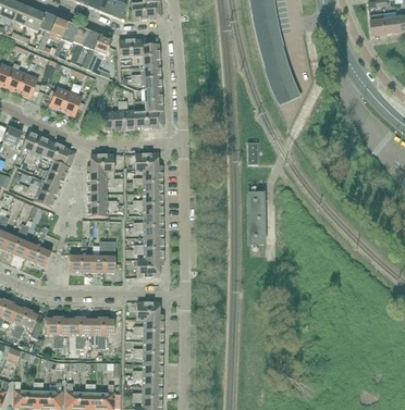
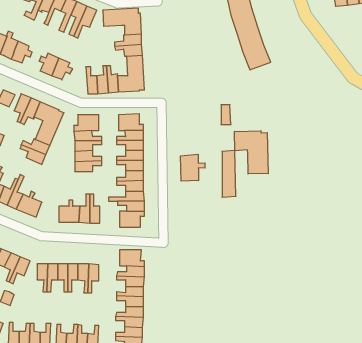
building: none -> [235,131,268,174]
building: none -> [181,154,205,181]

